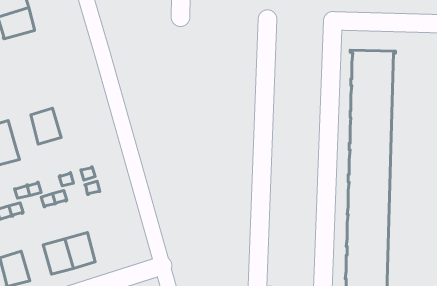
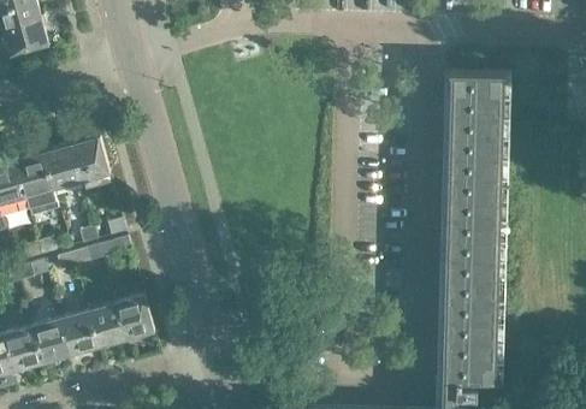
building: none -> [71,136,109,182]
building: none -> [14,153,53,197]
building: none -> [116,294,154,339]
building: none -> [31,318,70,363]

